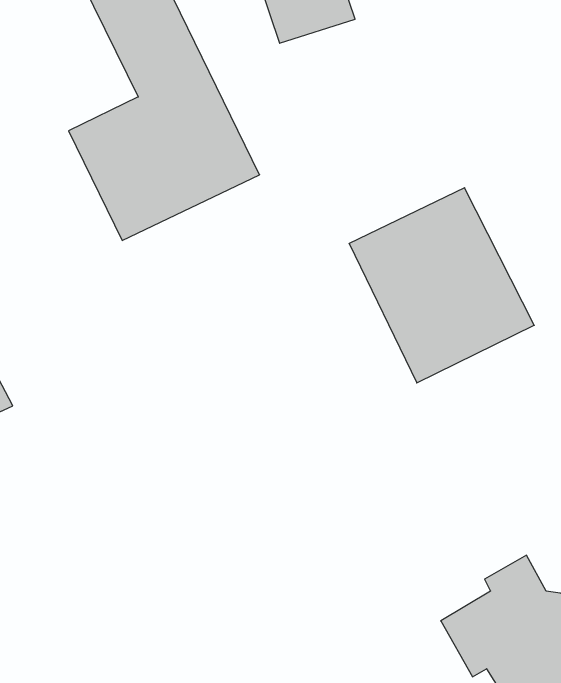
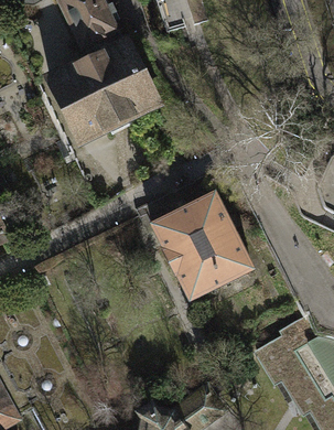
building: [349,188,534,383] -> [151,193,254,301]

